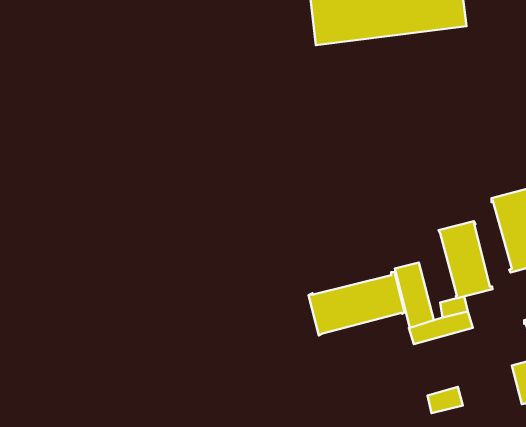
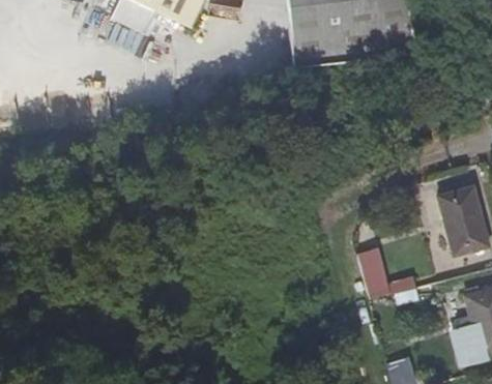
building: [439,221,492,298] -> none
building: [309,272,405,336] -> none

